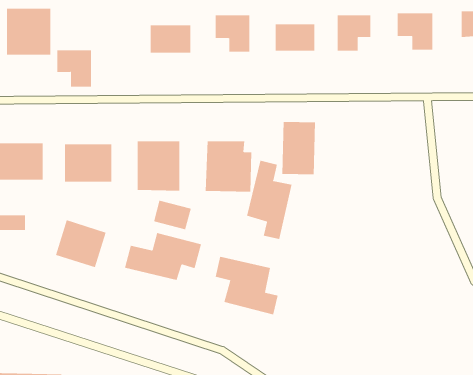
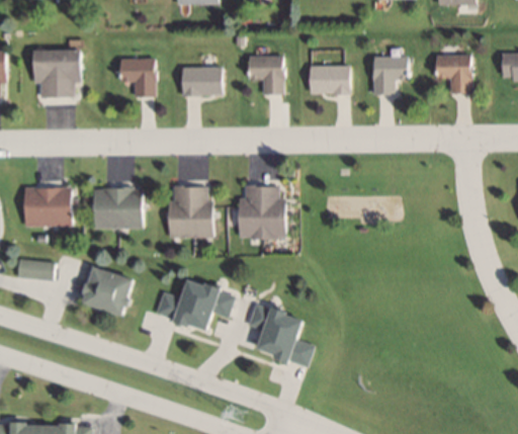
building: [56,50,92,87] -> [118,59,155,97]
building: [282,121,315,175] -> none
building: [246,160,292,240] -> none
building: [154,200,191,230] -> none

